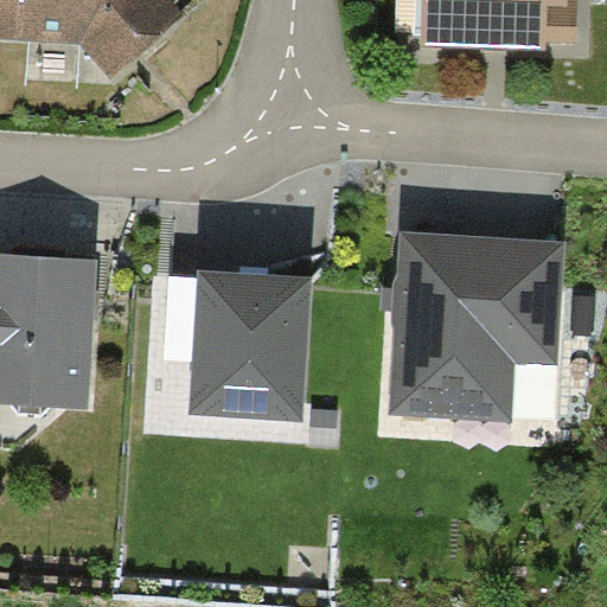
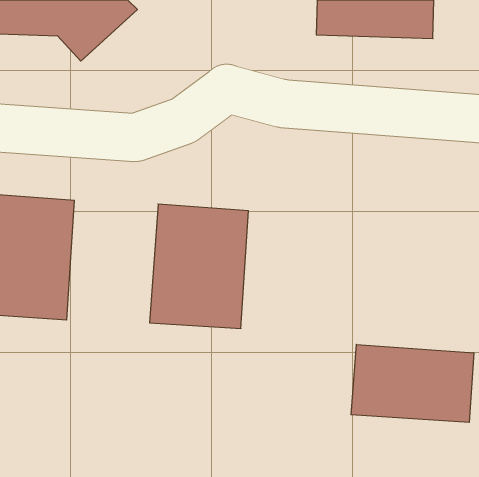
building: [390,231,564,422] -> none
building: none -> [351,344,474,422]

